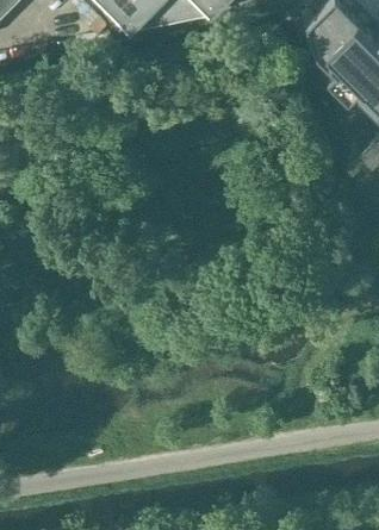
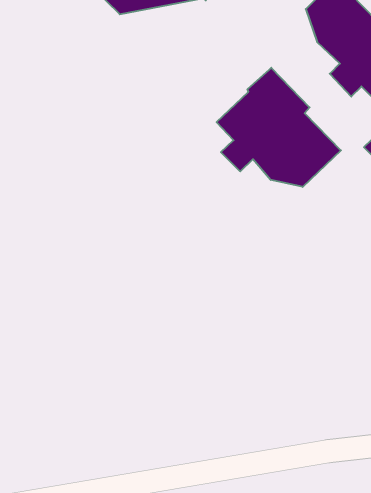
building: none -> [217,68,341,187]

